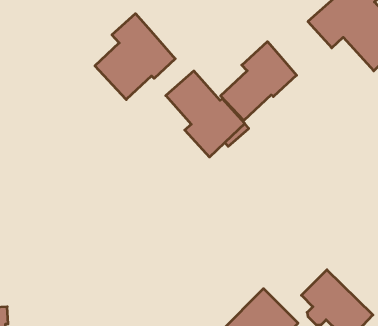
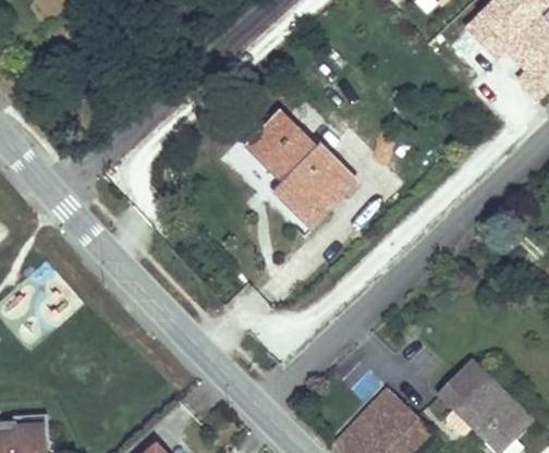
building: [95,14,175,100] -> none
building: [221,42,297,120] -> none

